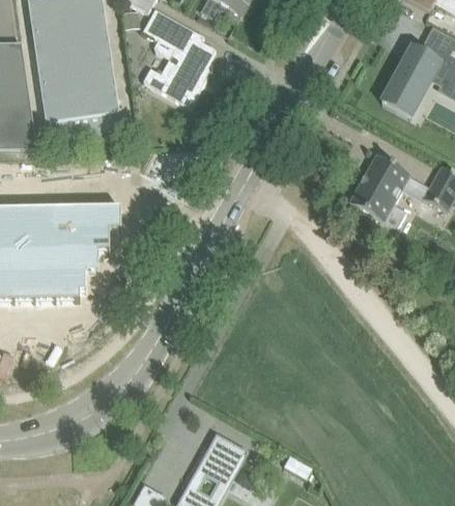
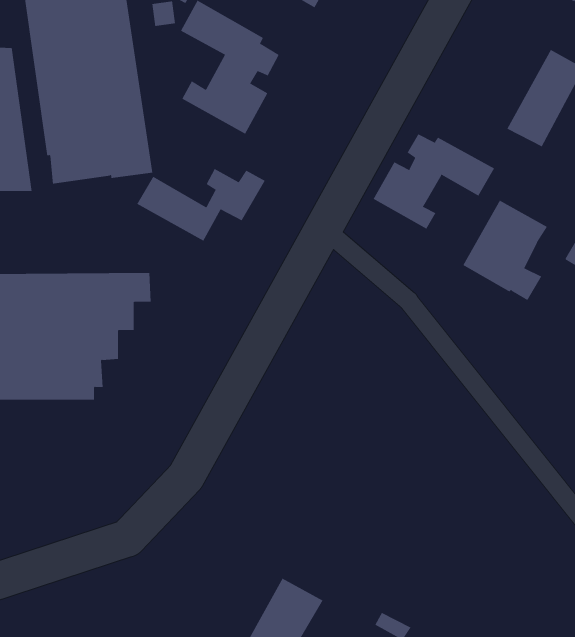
building: none -> [373,134,495,230]
building: none -> [136,168,266,241]

